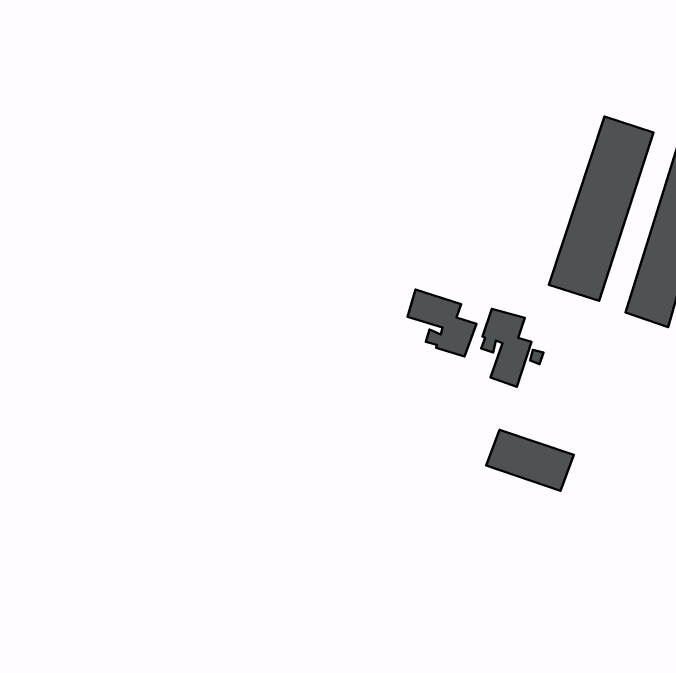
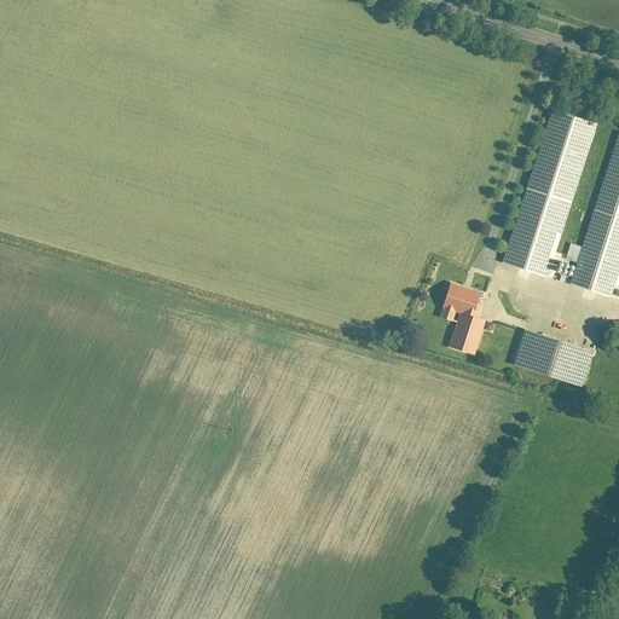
building: [407,289,477,357] -> none
building: [486,430,574,491] -> [513,329,592,384]

